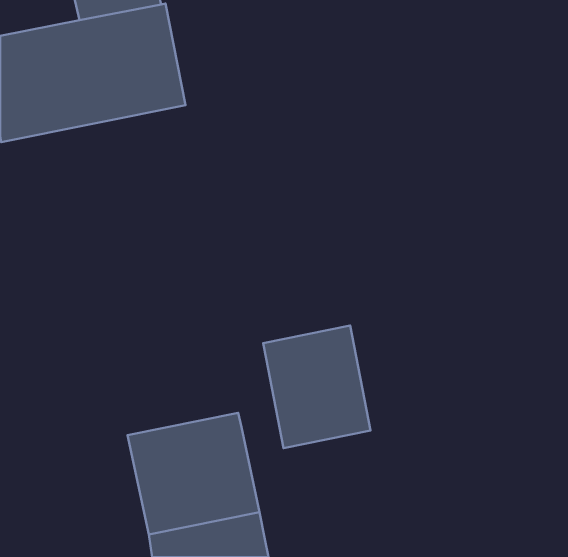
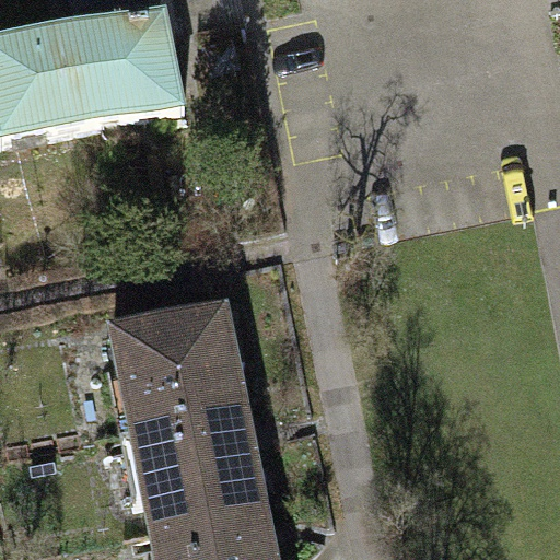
building: none -> [107,302,238,425]
building: [263,325,371,448] -> none

